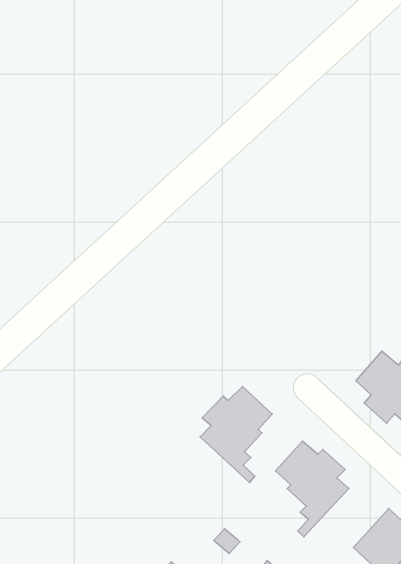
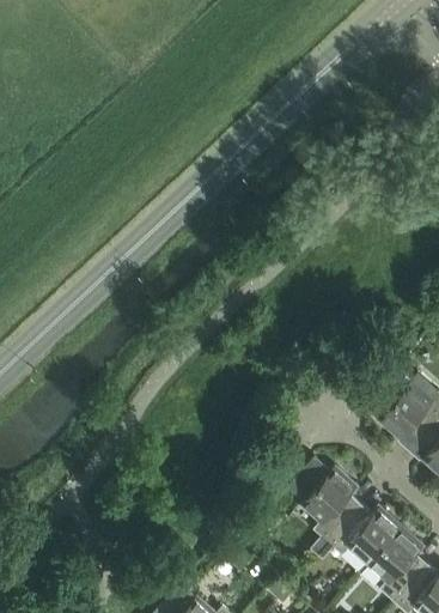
building: [200,386,272,483] -> none
building: none -> [333,522,419,582]

